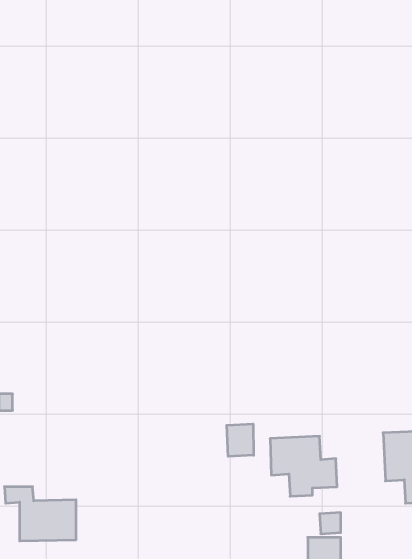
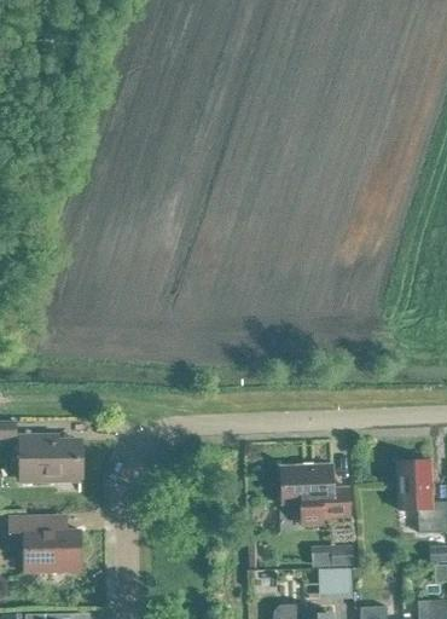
building: none -> [21,435,80,492]
building: [227,424,254,456] -> none

